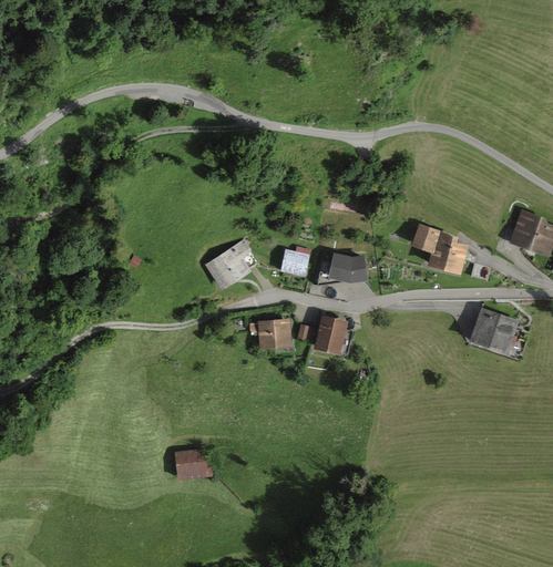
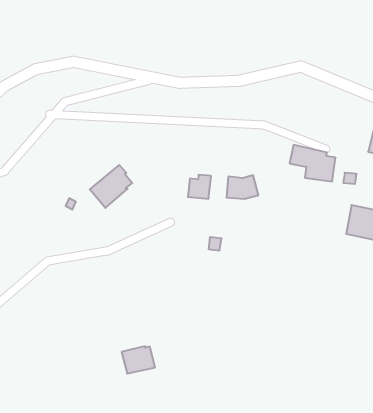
building: [204,239,257,290] -> [90,165,132,208]
building: [313,315,352,355] -> none
building: [256,318,290,349] -> none

